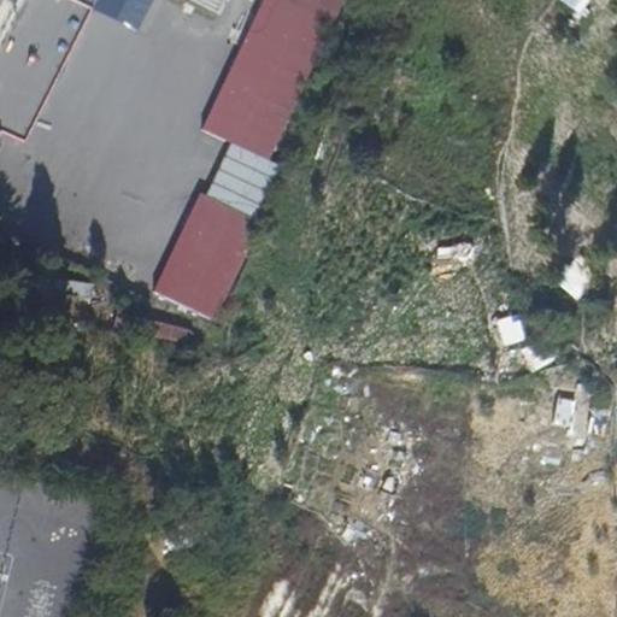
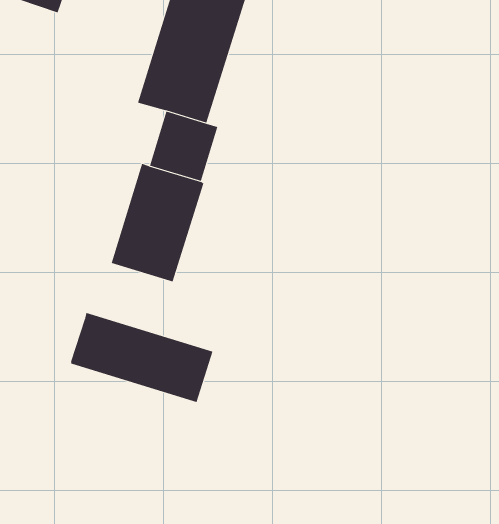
building: none -> [71,312,213,403]

